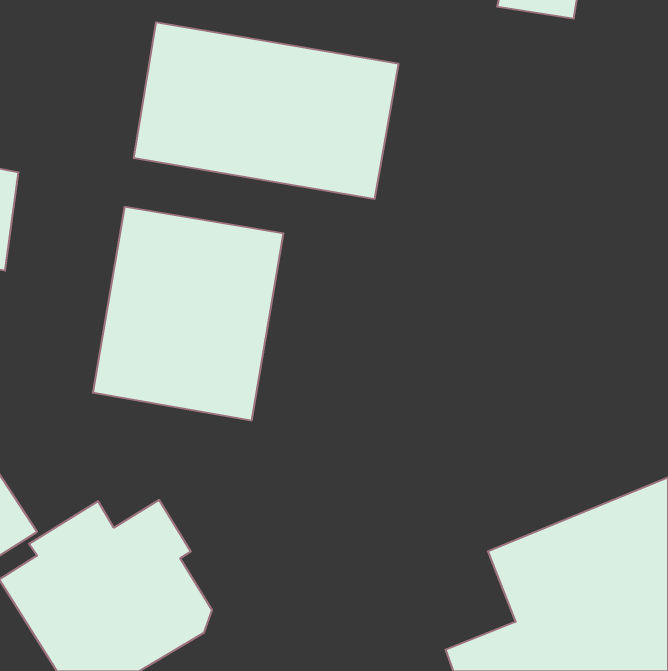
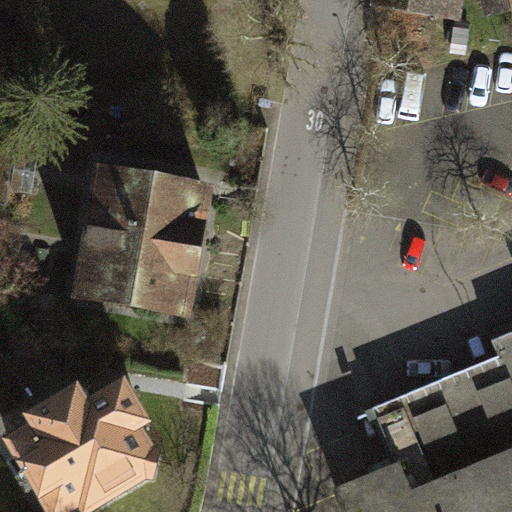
building: [134,22,398,199] -> none

